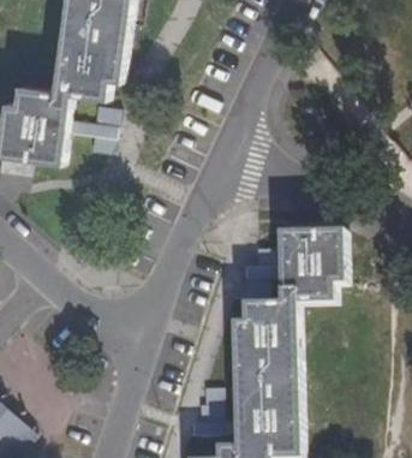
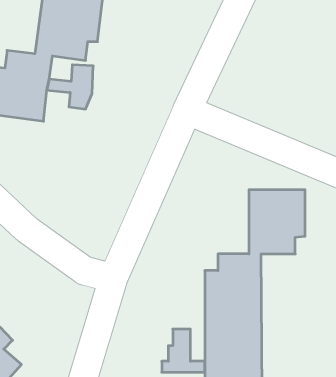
building: [245,256,285,303] -> none

